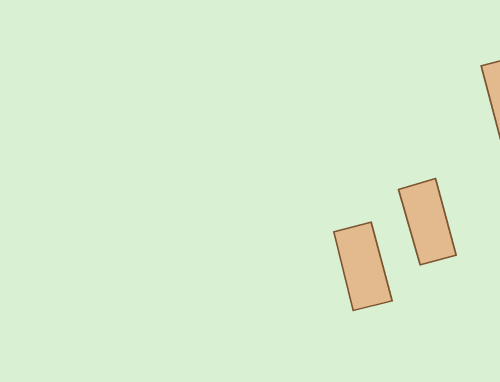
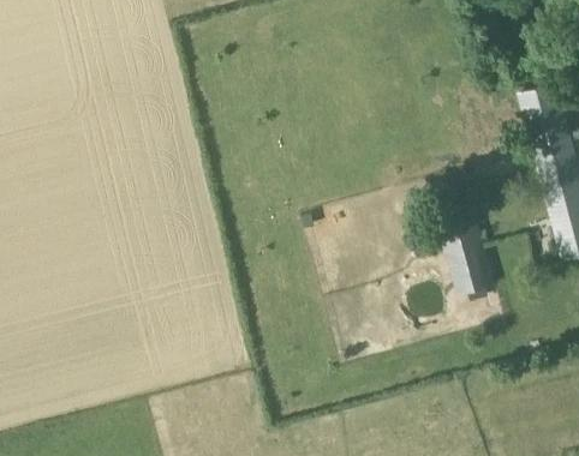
building: [334,222,392,310] -> none

